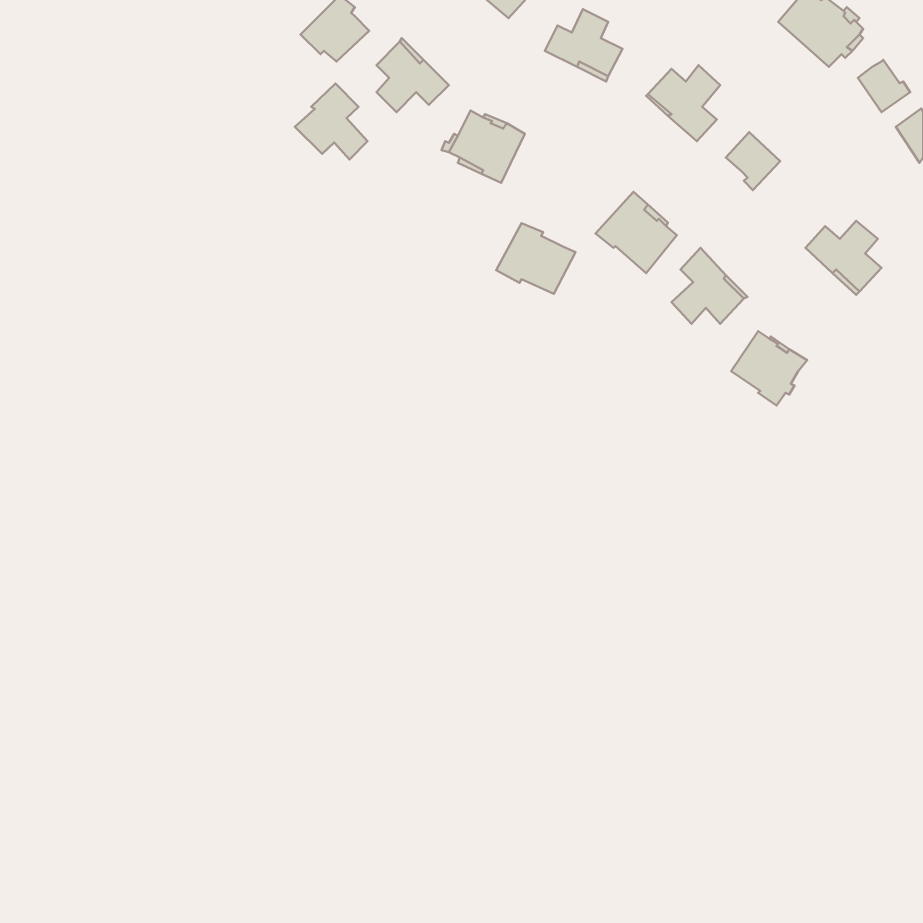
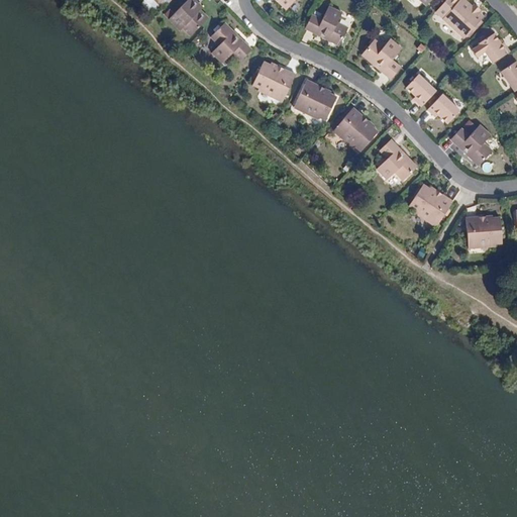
building: [295,84,368,160] -> none
building: none -> [427,94,458,123]
building: [496,223,576,294] -> [293,80,337,119]
building: none -> [463,215,501,247]

